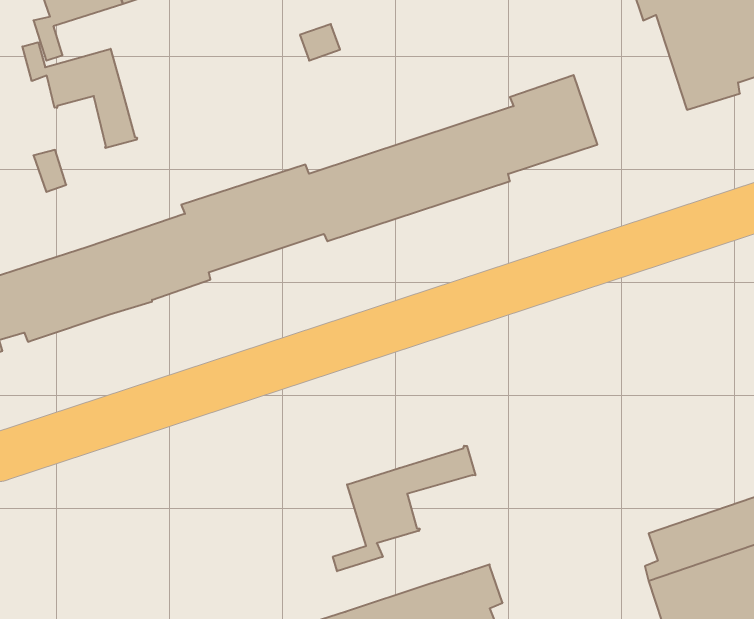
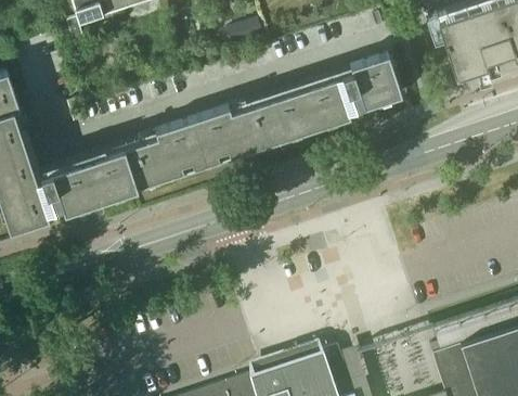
building: [22,42,137,148] -> none
building: [333,446,475,571] -> none

